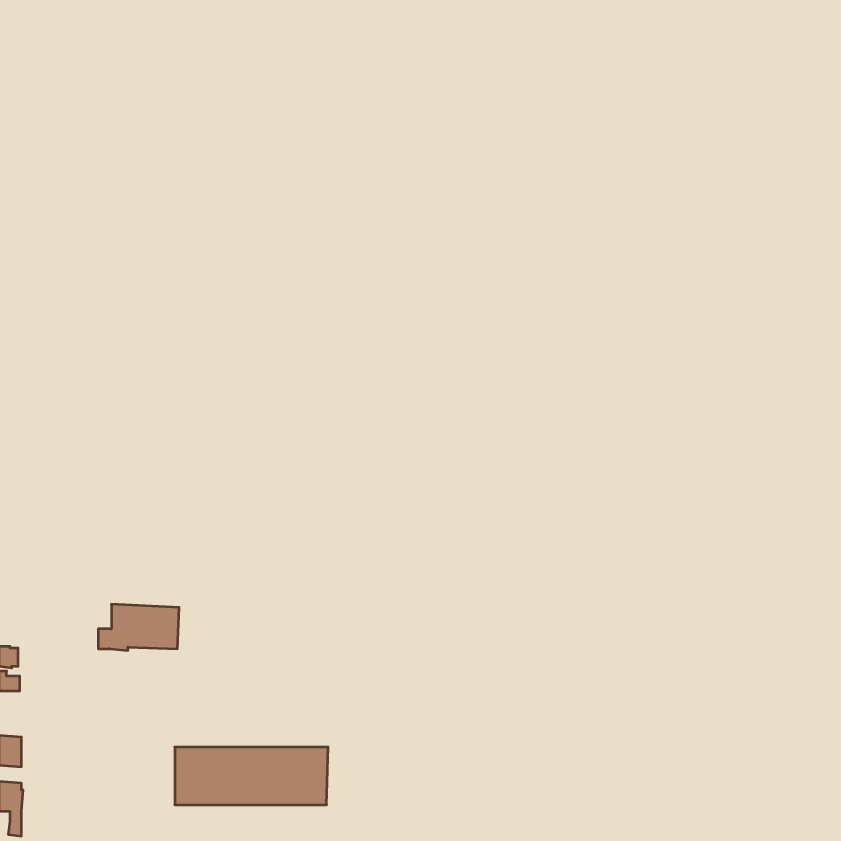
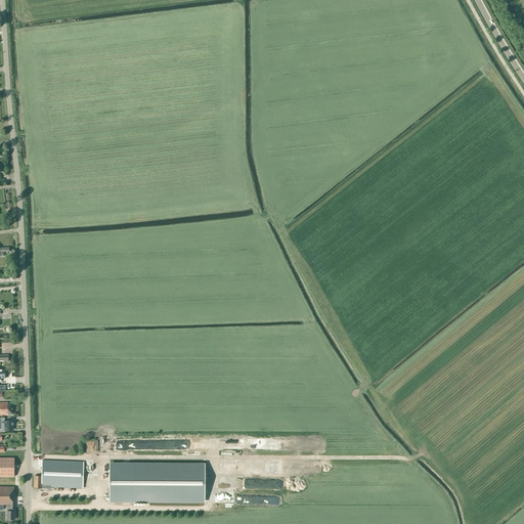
building: [98,604,179,650] -> [33,460,83,488]

